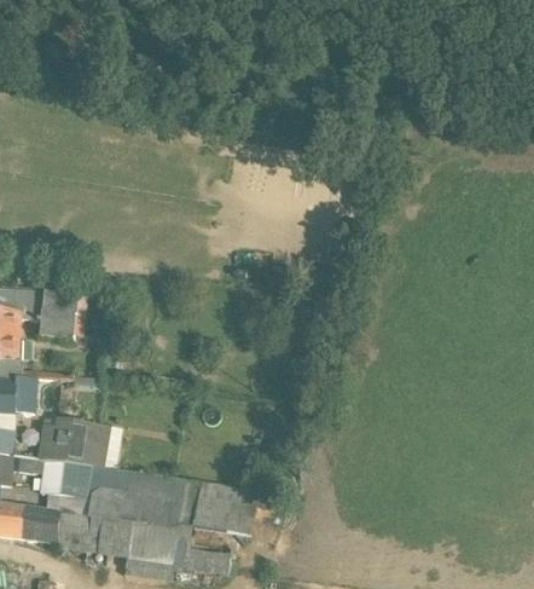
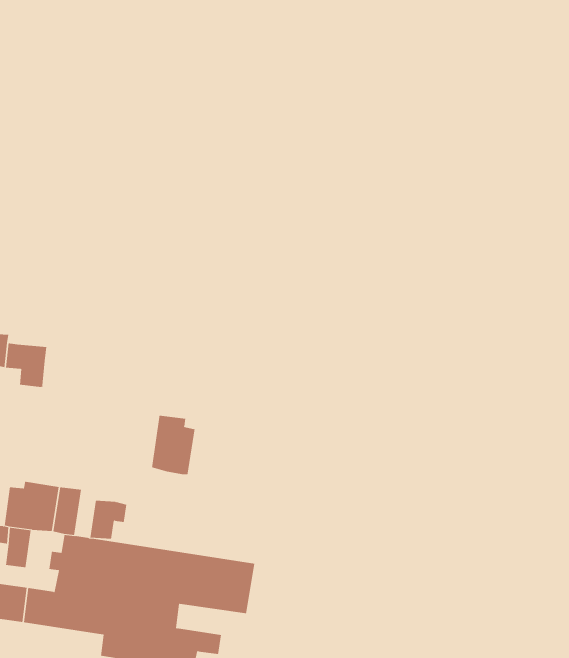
building: none -> [151,415,195,475]
building: [59,462,92,496] -> [89,500,127,539]

